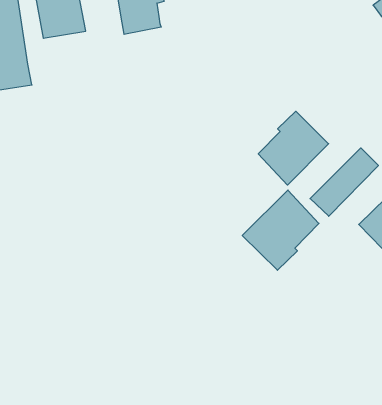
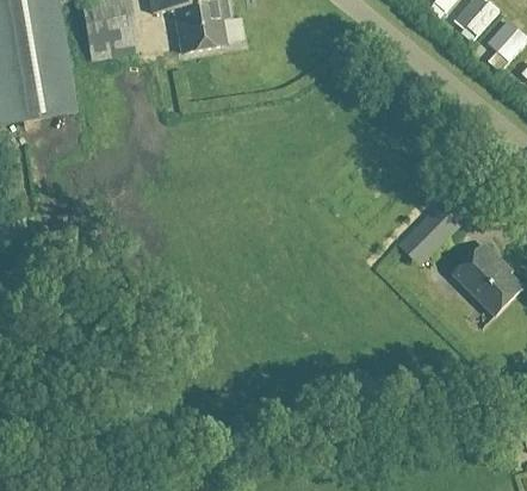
building: [258,111,329,185] -> none
building: [242,190,319,270] -> none

